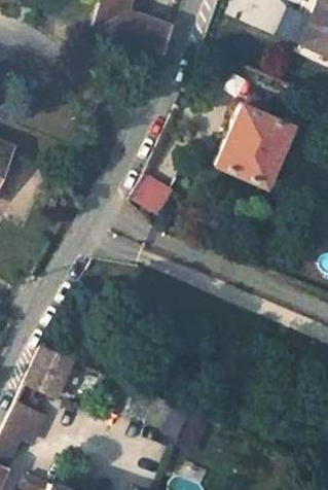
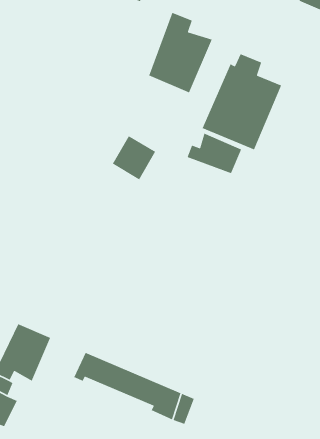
building: none -> [148,12,213,93]
building: none -> [187,133,242,174]

